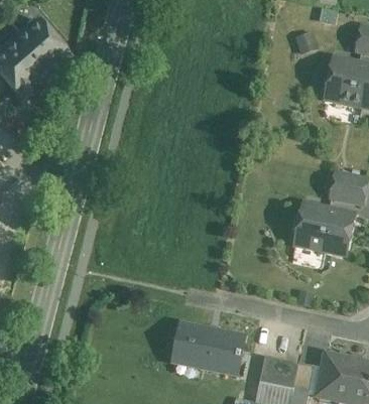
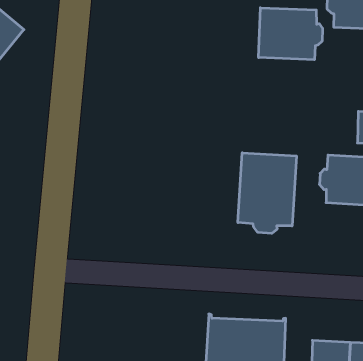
building: none -> [259,8,323,60]
building: none -> [238,153,296,233]

